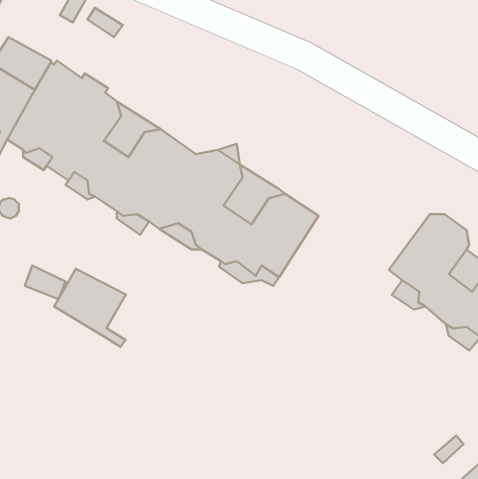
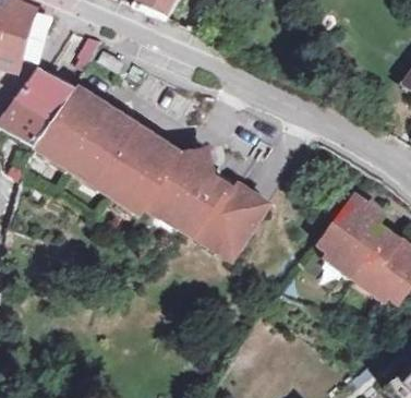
building: [54,269,126,347] -> none

